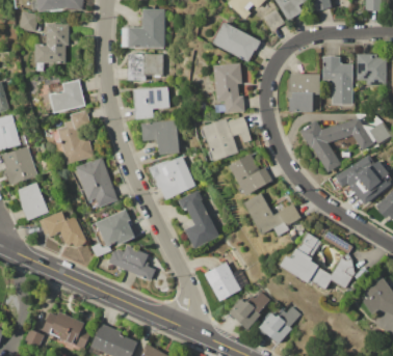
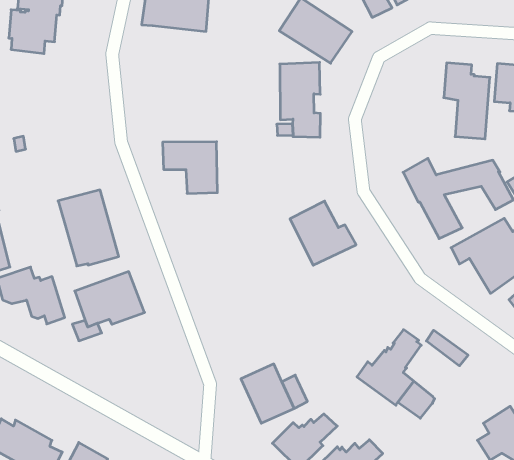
building: [128,54,162,80] -> none
building: [288,74,320,112] -> none
building: [49,80,84,112] -> none
building: [134,87,168,118] -> none
building: [57,109,94,164] -> none
building: [201,116,252,161] -> none
building: [149,156,197,200] -> none
building: [178,190,219,248] -> none
building: [244,193,302,236] -> none
building: [109,244,156,281] -> none
building: [332,253,356,287] -> none

